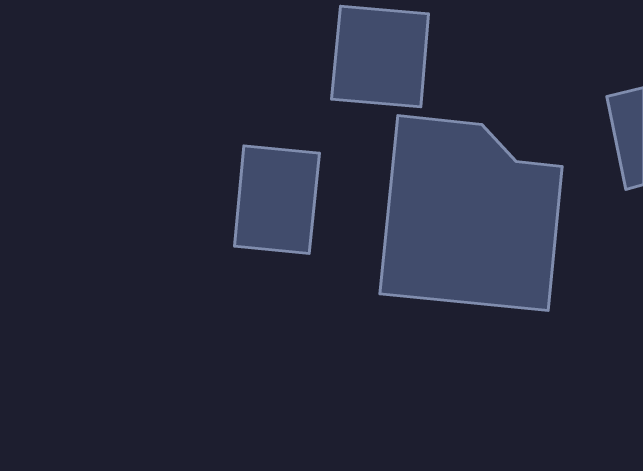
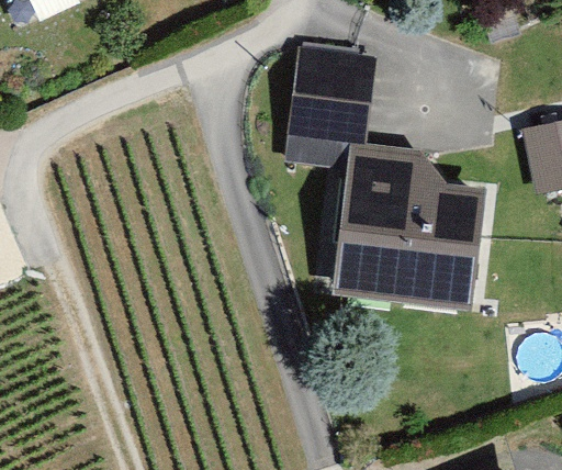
building: [234,146,319,253] -> none

